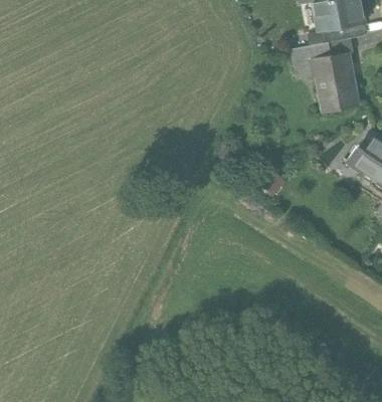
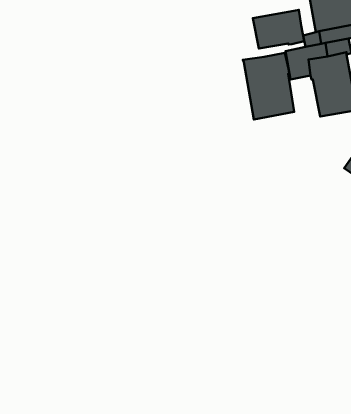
building: none -> [253,10,304,48]
building: none -> [243,53,294,120]

